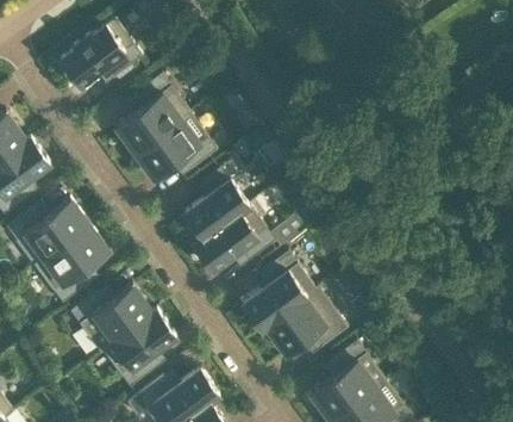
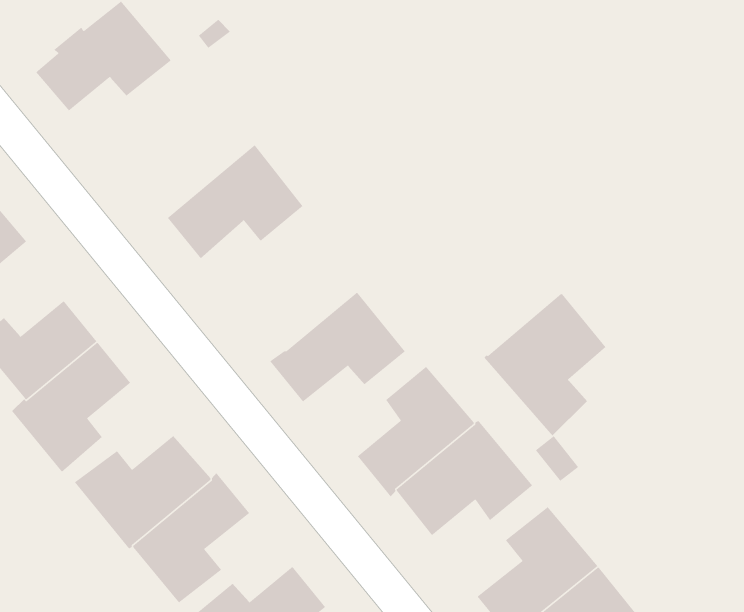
building: [115,73,190,153] -> none
building: [183,160,248,237] -> none
building: none -> [483,293,607,437]

